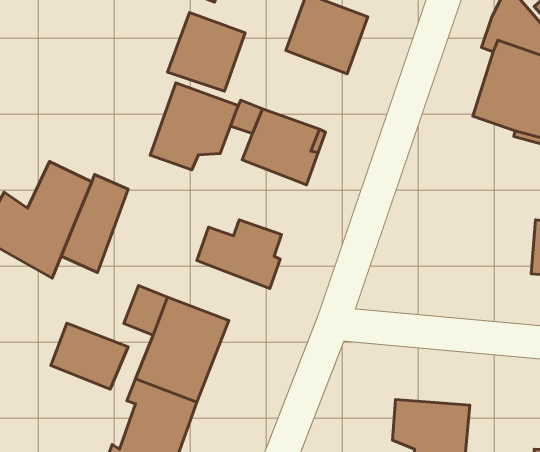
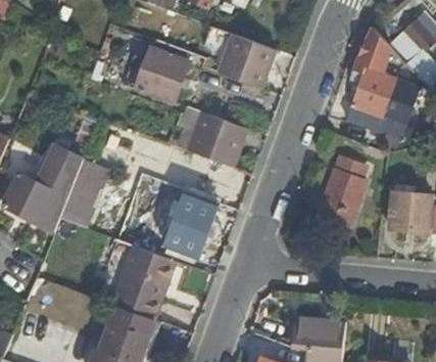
building: [150,83,238,170] -> none
building: none -> [319,156,371,224]
building: none -> [163,226,205,260]
building: [51,323,128,389] -> none

